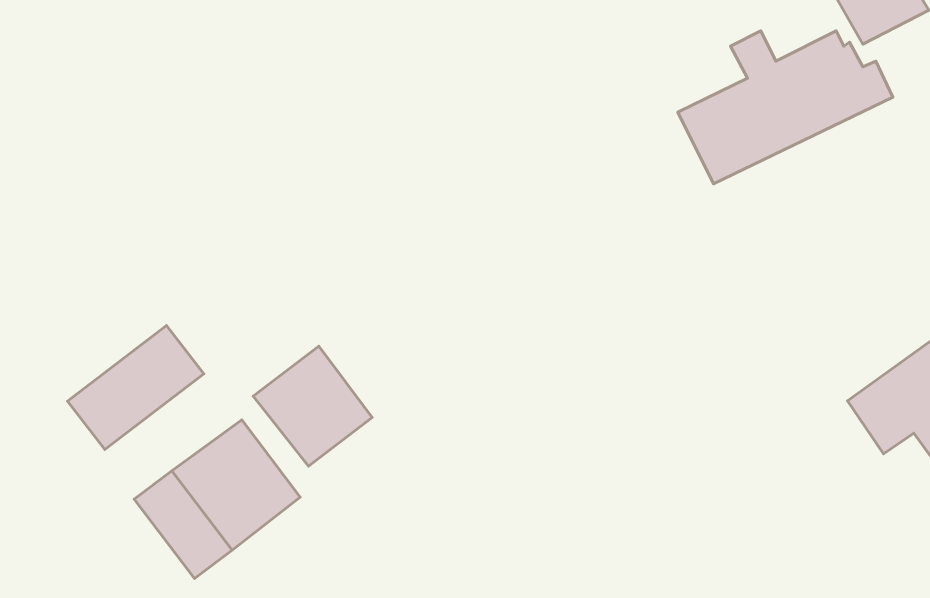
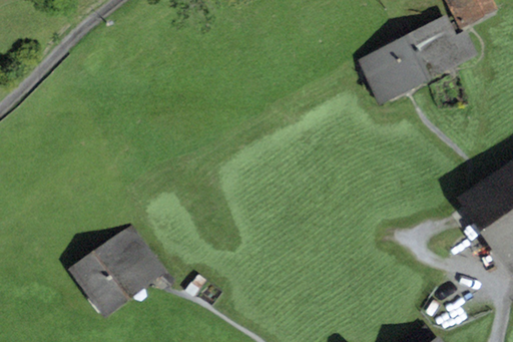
building: [67,325,204,449] -> none
building: [253,346,372,466] -> none

